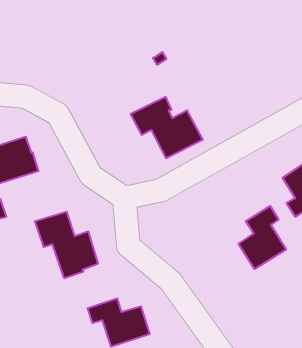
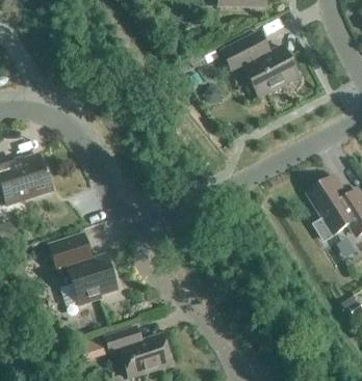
building: [131,97,203,158] -> [221,31,298,97]
building: [239,206,286,269] -> none

